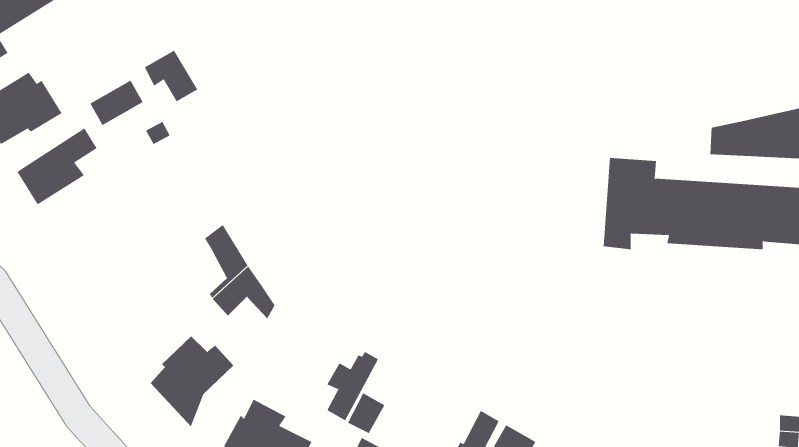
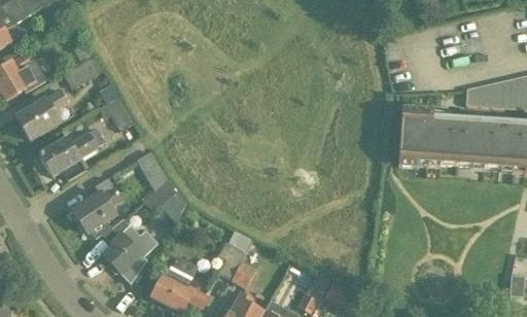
building: [144,50,198,102] -> [99,96,134,130]
building: none -> [39,130,99,179]
building: none -> [73,178,122,238]

